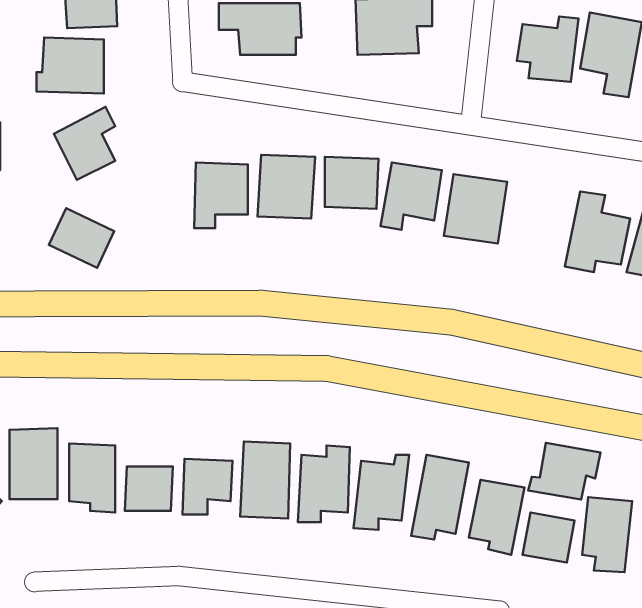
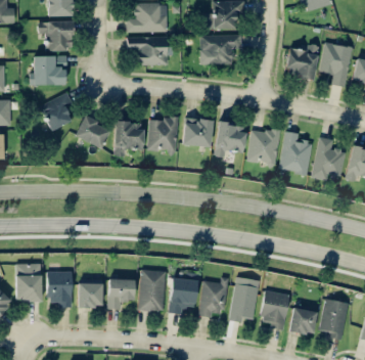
building: none -> [279,131,312,174]
building: [49,208,114,268] -> [75,117,109,148]
building: [528,443,600,500] -> none

